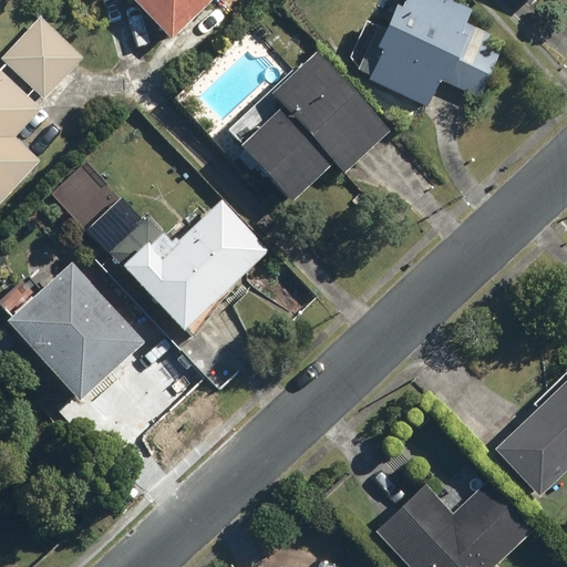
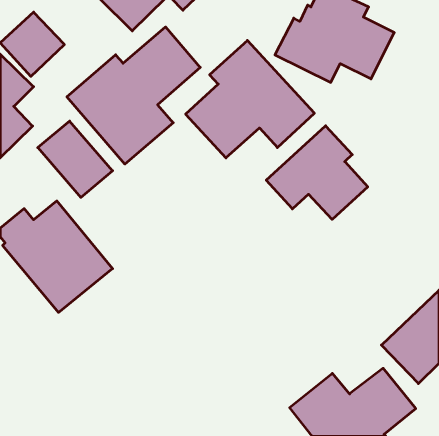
building: none -> [67,27,200,164]
building: none -> [266,126,368,219]
building: [113,190,277,337] -> none

